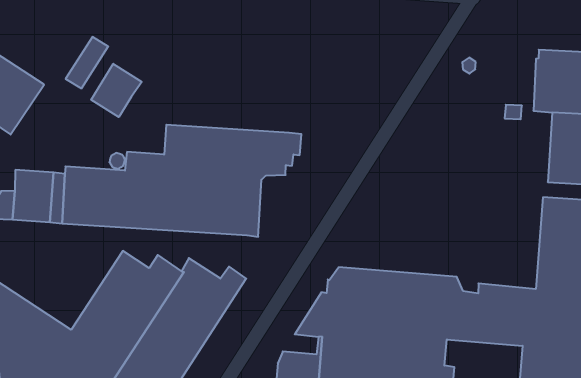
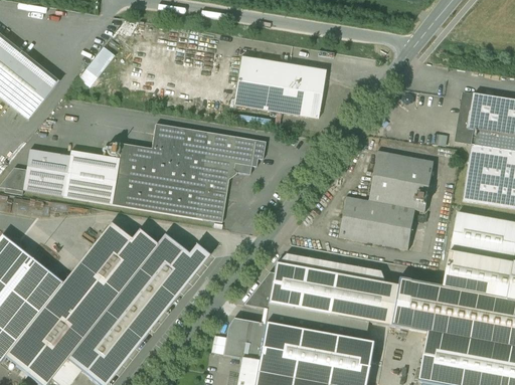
building: none -> [233,55,326,118]
building: [91,64,142,117] -> none
building: none -> [338,150,435,248]

